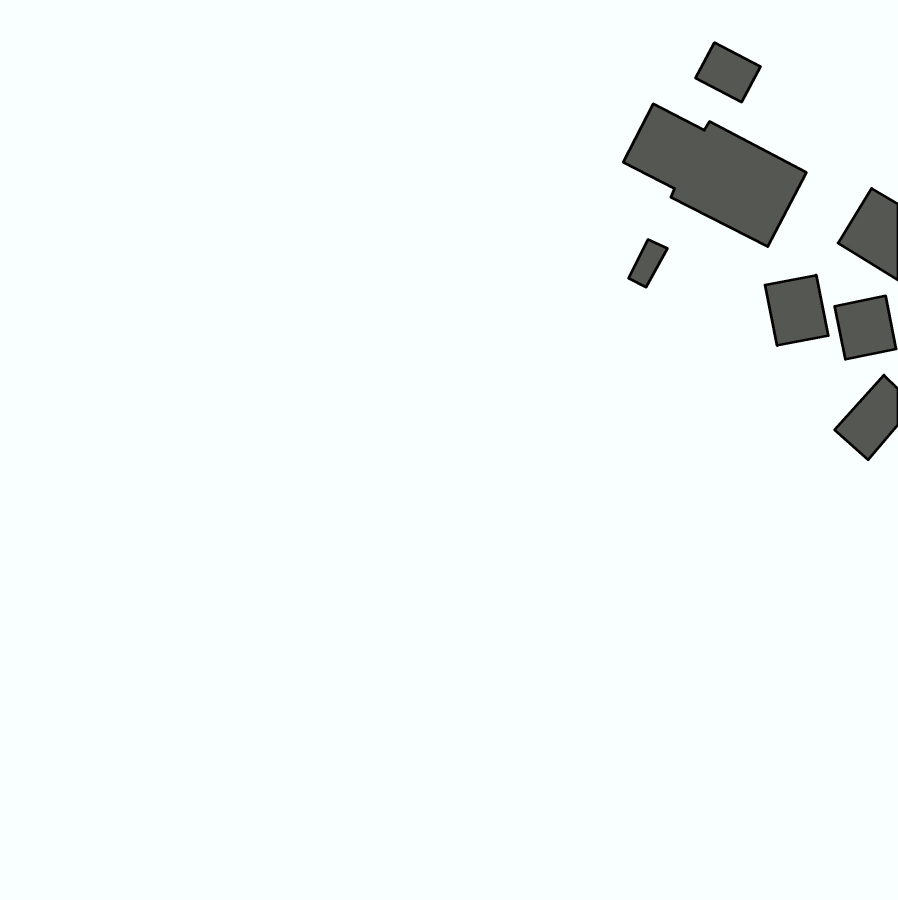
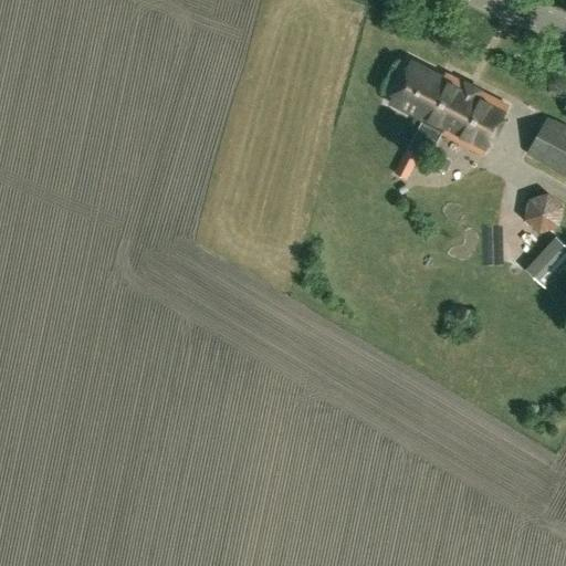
building: [696,43,760,102] -> none
building: [765,275,828,346] -> none

